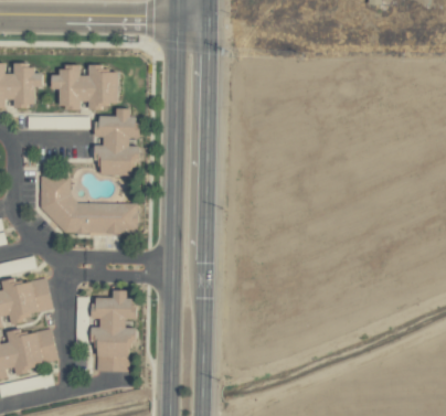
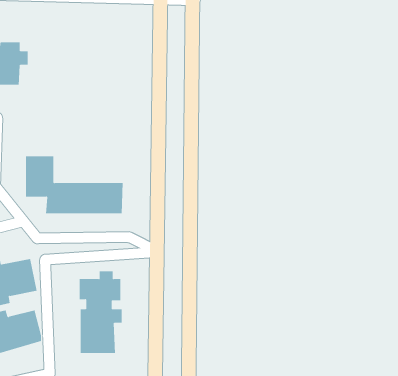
building: [51,64,118,109] -> none
building: [96,108,139,175] -> none

